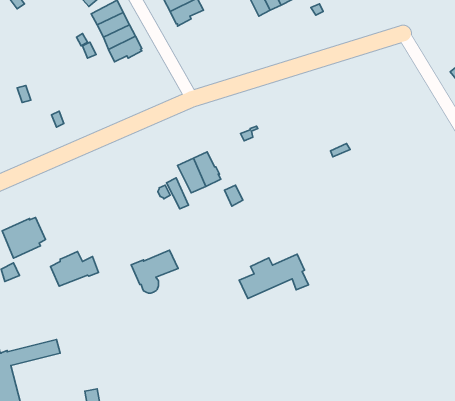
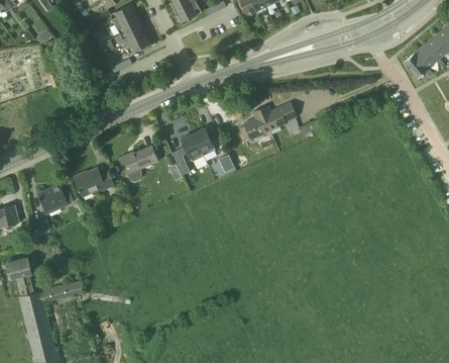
building: [131,250,178,293] -> [120,146,158,181]
building: [50,252,99,286] -> [75,168,114,196]
building: [239,254,308,299] -> [243,102,300,139]

